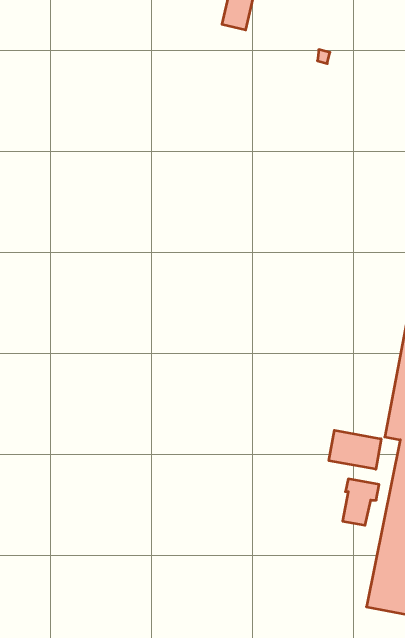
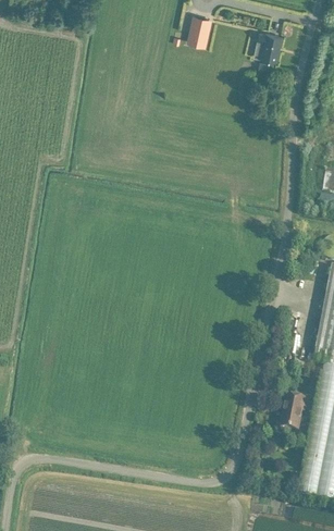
building: none -> [255,29,283,59]
building: [329,430,381,469] -> none

